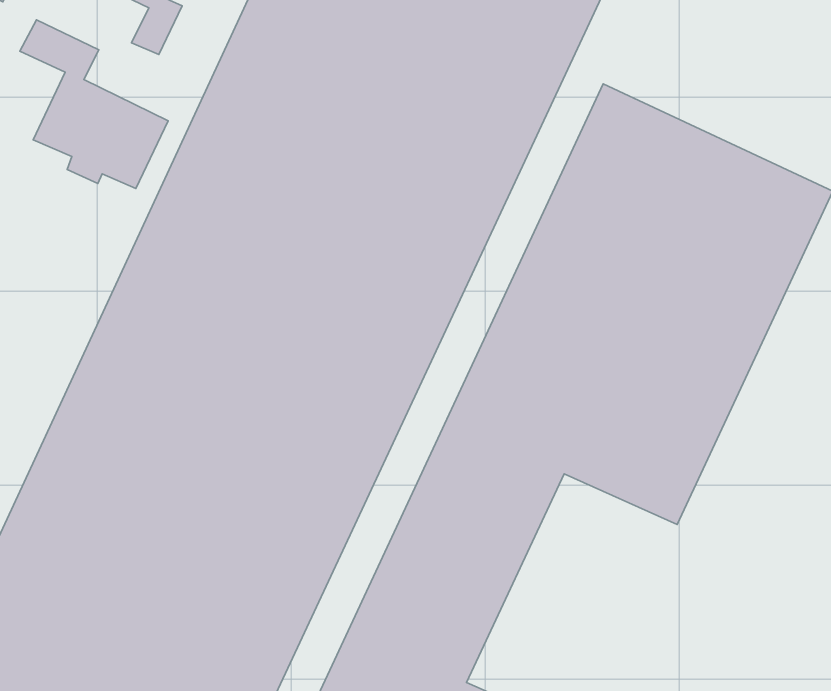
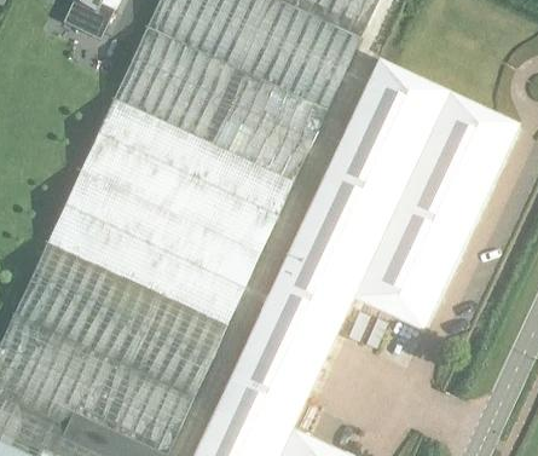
building: [20,20,168,188] -> none

